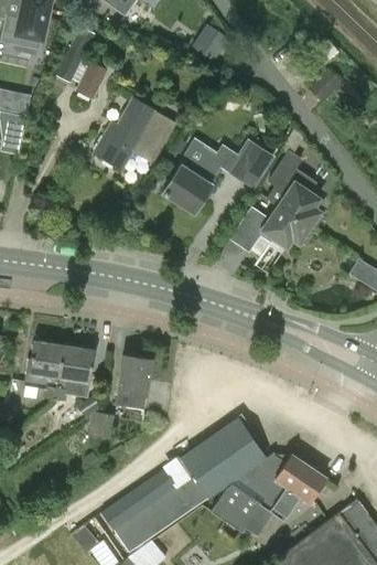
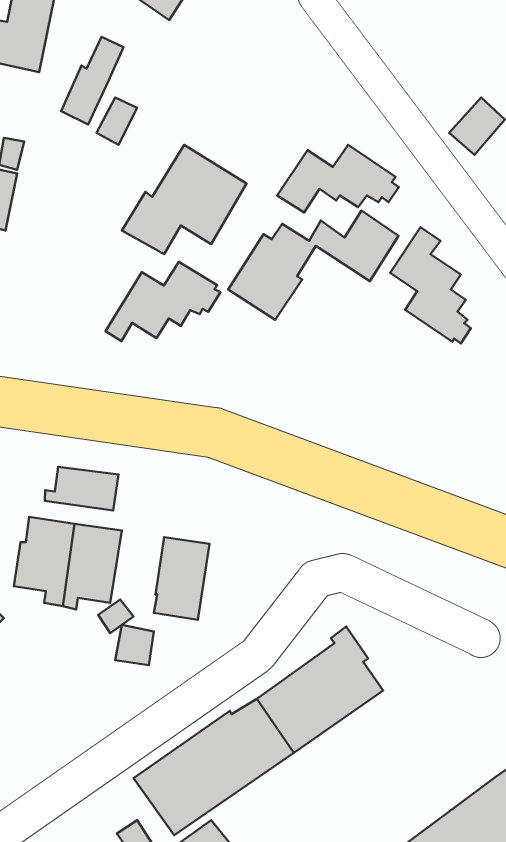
building: [191,21,229,58] -> none
building: none -> [105,262,220,341]
building: [233,205,312,249] -> [277,145,399,212]
building: none -> [45,467,118,510]
building: [211,451,325,535] -> none

